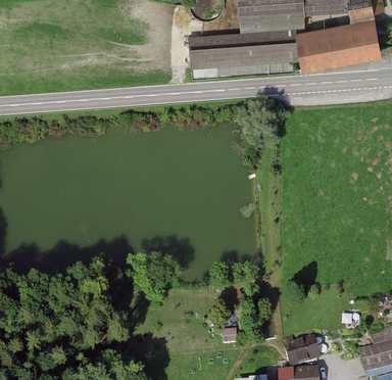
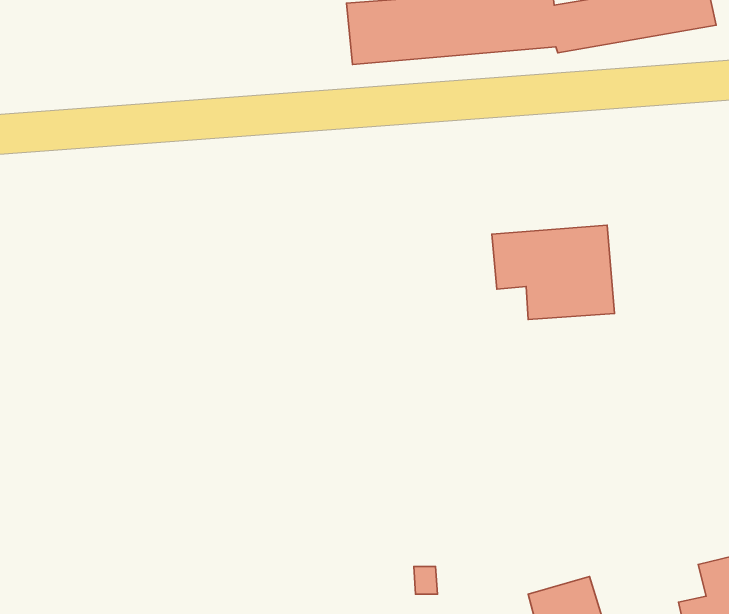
building: none -> [492,225,614,319]

